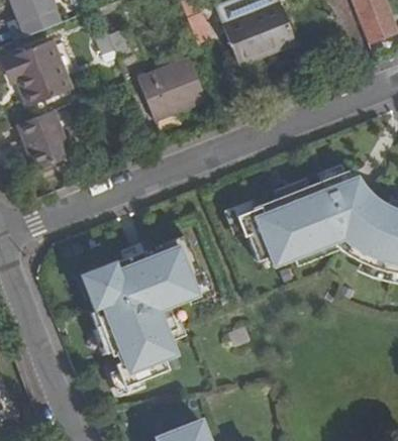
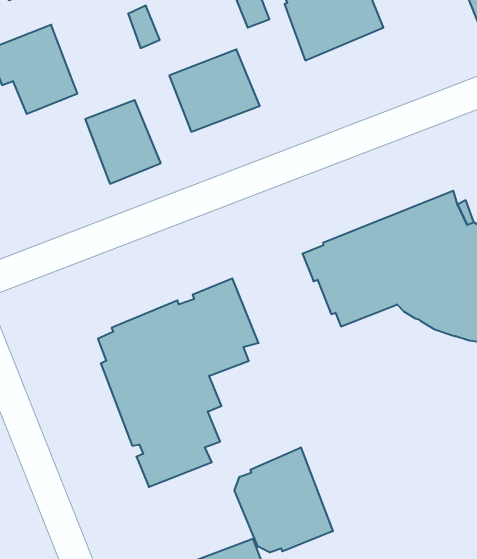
building: [19,111,75,173] -> [85,100,161,184]
building: none -> [235,447,333,553]

